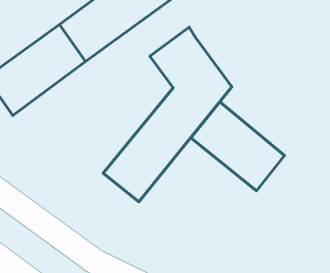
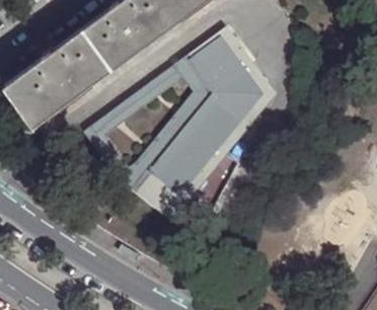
building: none -> [79,63,205,195]
building: [191,102,284,191] -> none

